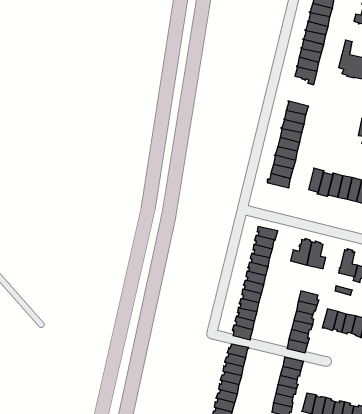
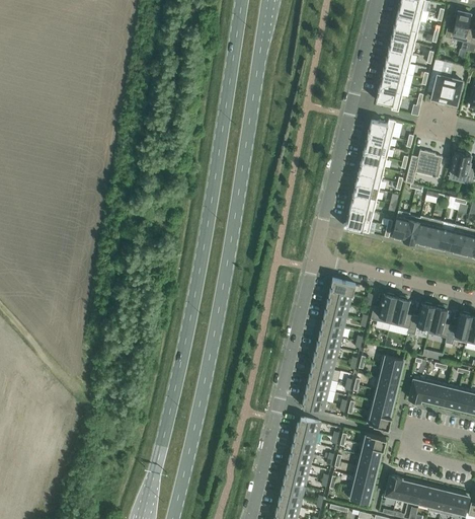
building: none -> [368,121,402,139]
building: none -> [405,152,443,186]
building: none -> [407,303,434,336]

